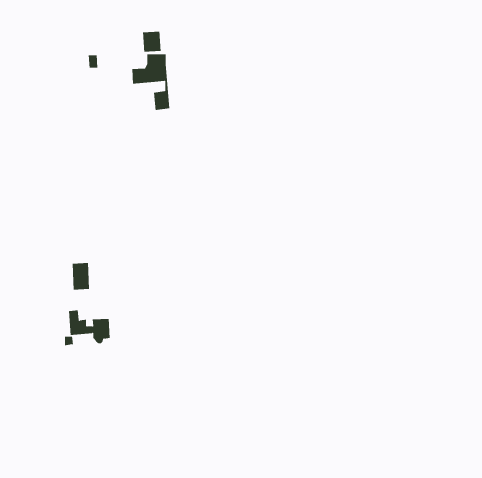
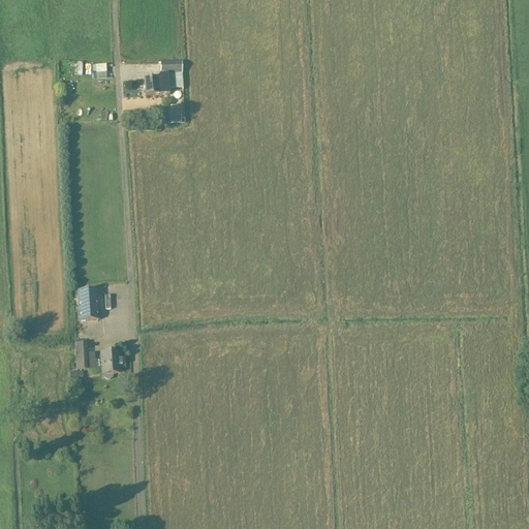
building: [142,31,161,52] -> none

